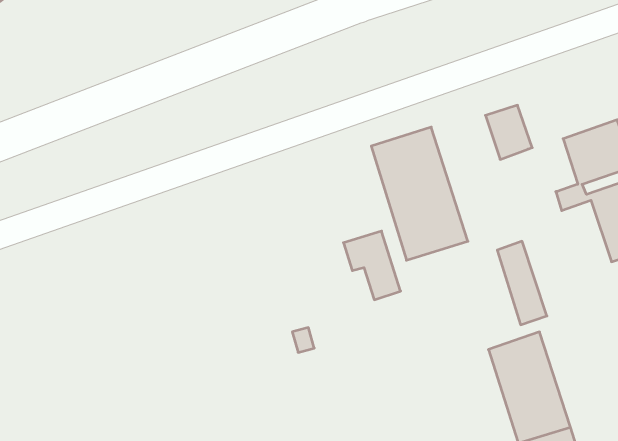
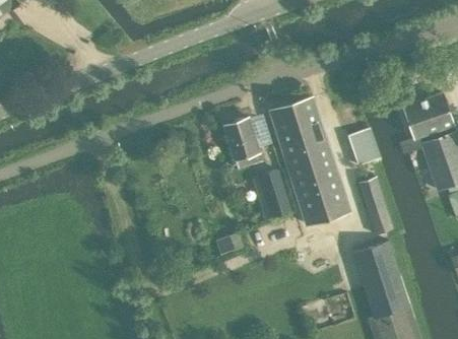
building: [485,105,532,159] -> [346,127,379,164]
building: none -> [224,117,262,167]
building: none -> [296,176,349,223]

